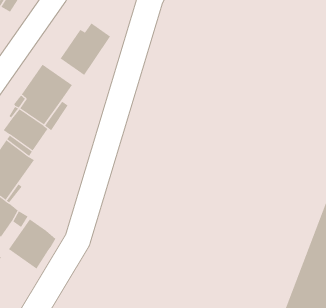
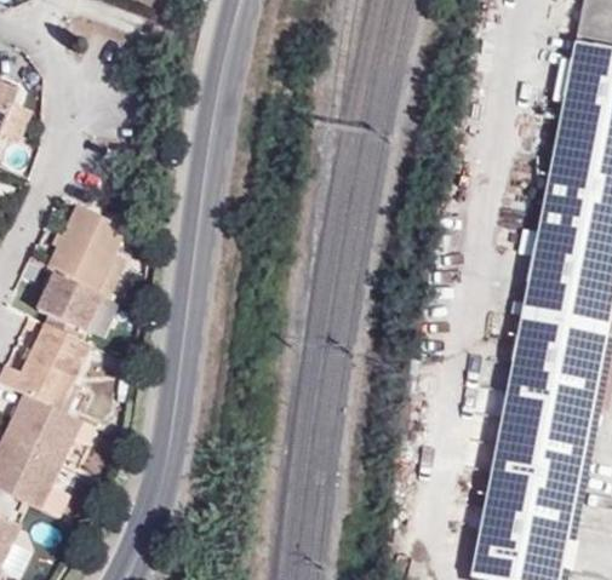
building: [60,22,111,76] -> none
building: [8,218,56,269] -> none

